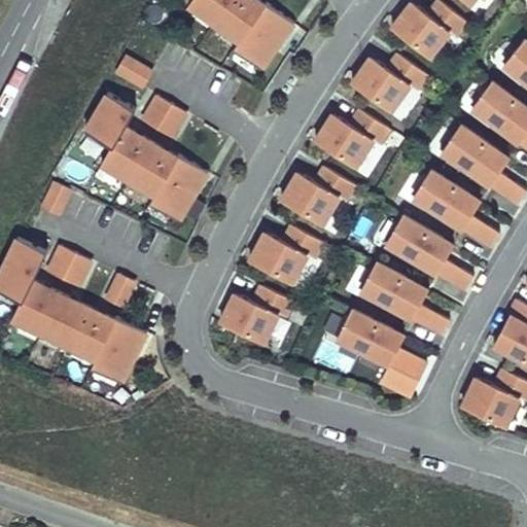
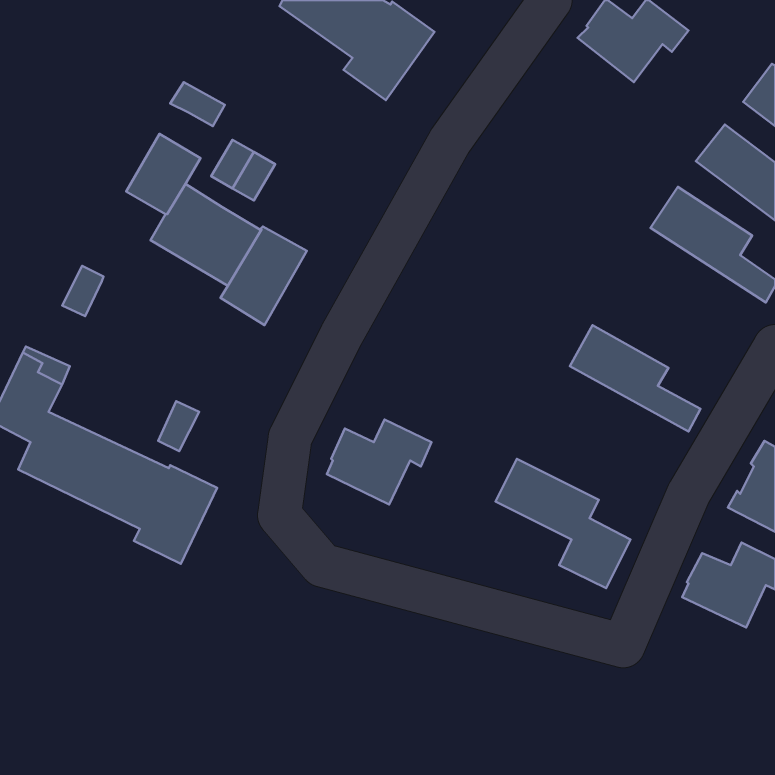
building: [351,54,426,111] -> none
building: [315,109,389,167] -> none
building: [281,167,354,223] -> none
building: [413,175,501,250] -> none
building: [250,225,322,282] -> none
building: [48,245,92,286] -> none
building: [361,267,452,340] -> none

